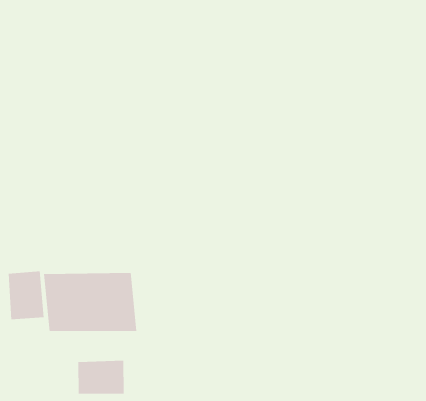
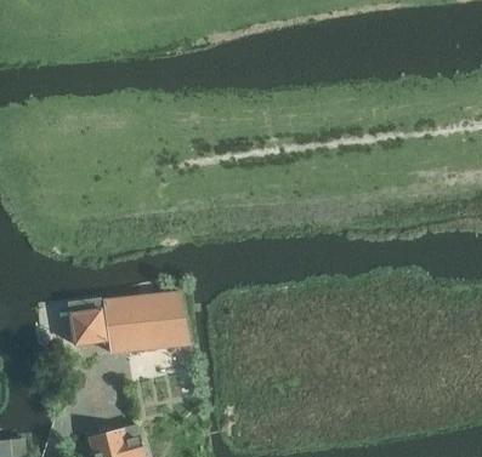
building: [78,360,124,394] -> none

